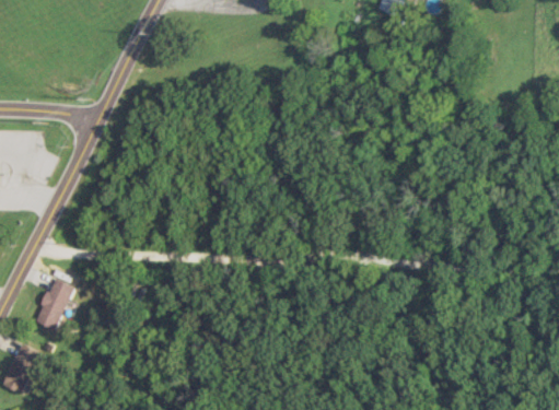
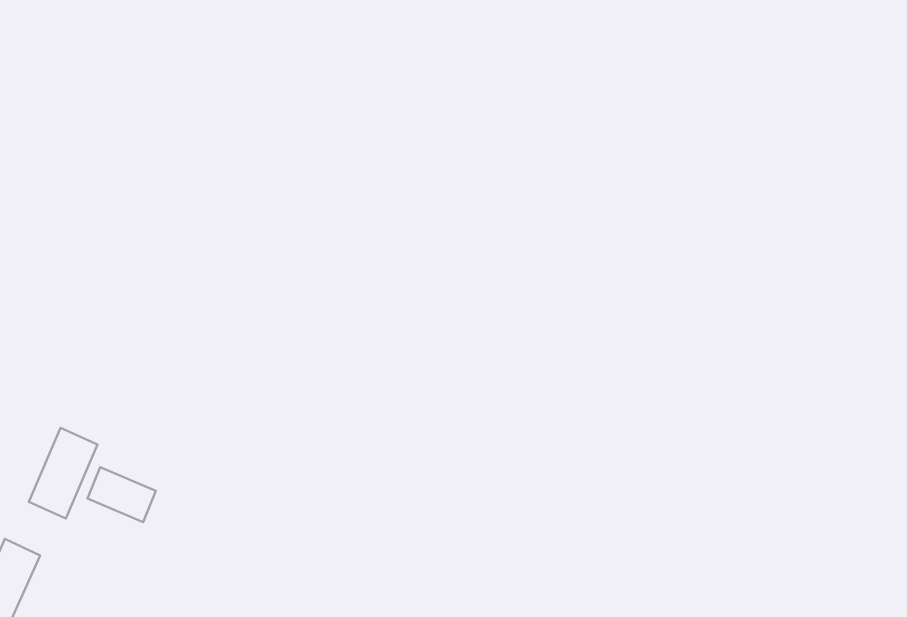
building: none -> [87,467,156,522]

